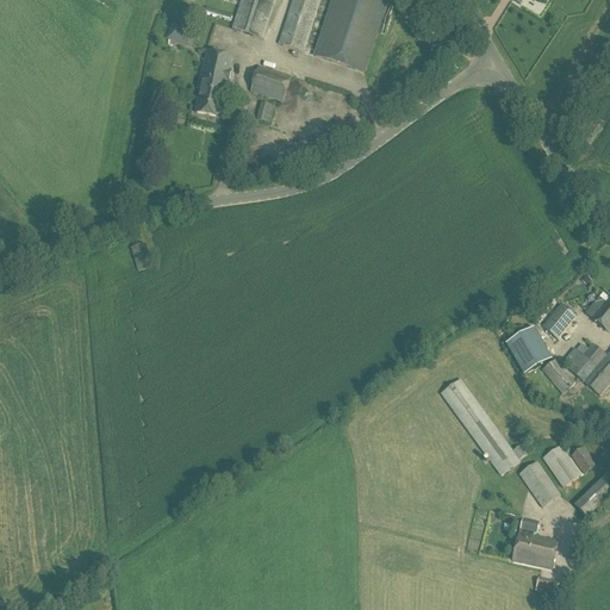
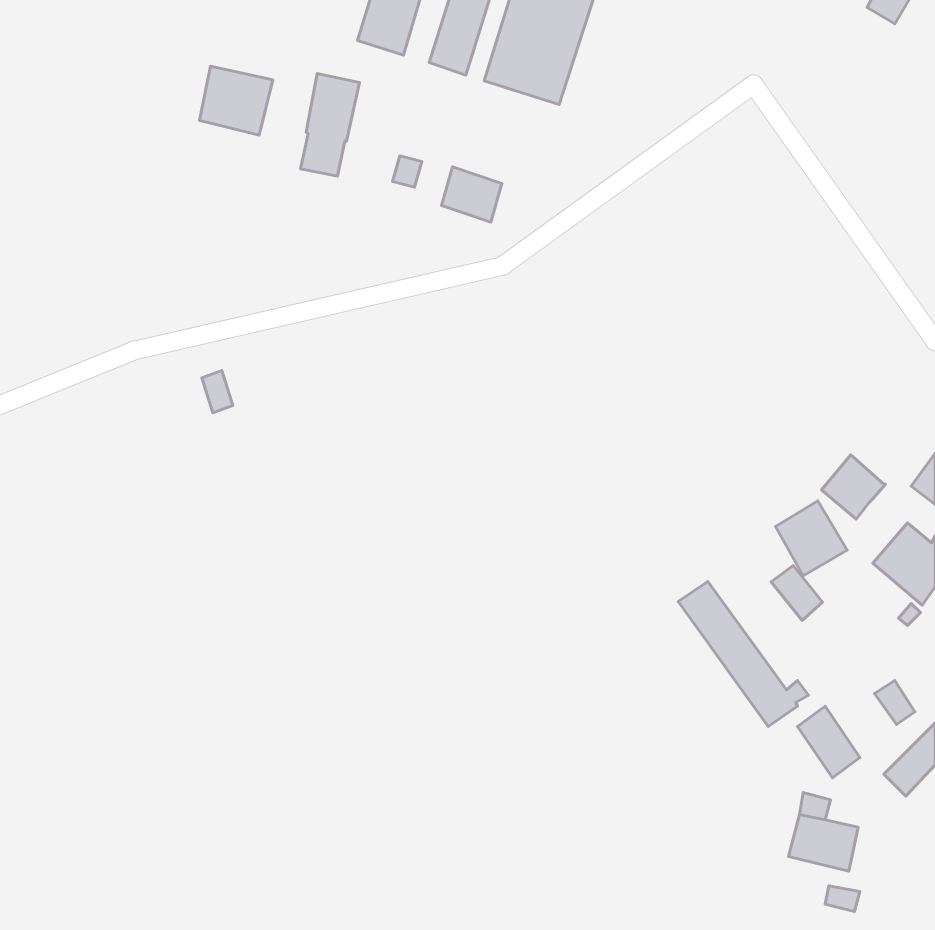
building: none -> [200,66,273,135]
building: [250,63,290,99] -> [441,167,502,222]
building: [541,356,574,392] -> [771,565,822,620]
building: [542,443,580,485] -> none

